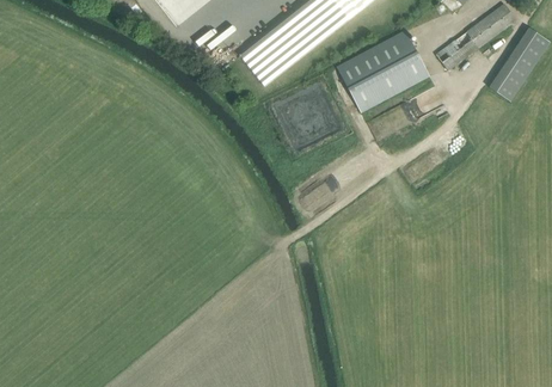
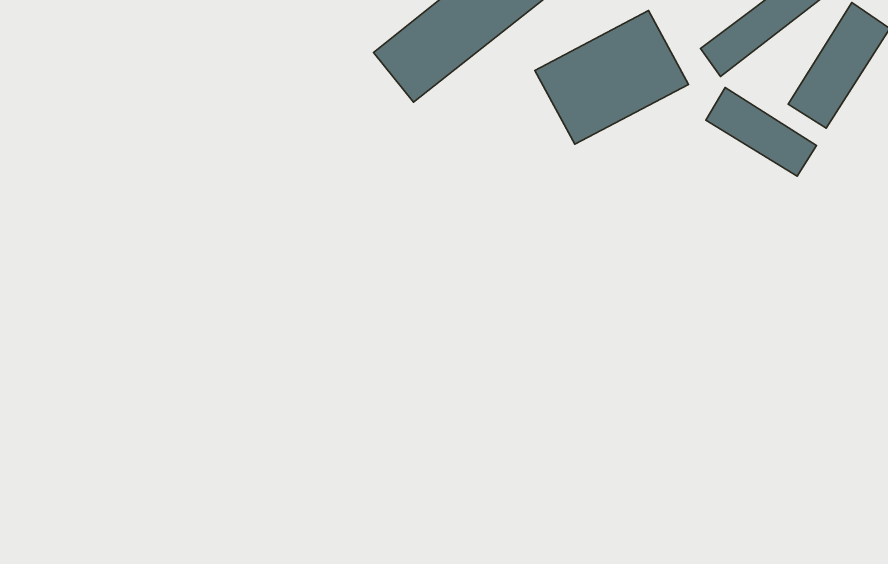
building: none -> [706,88,816,176]

